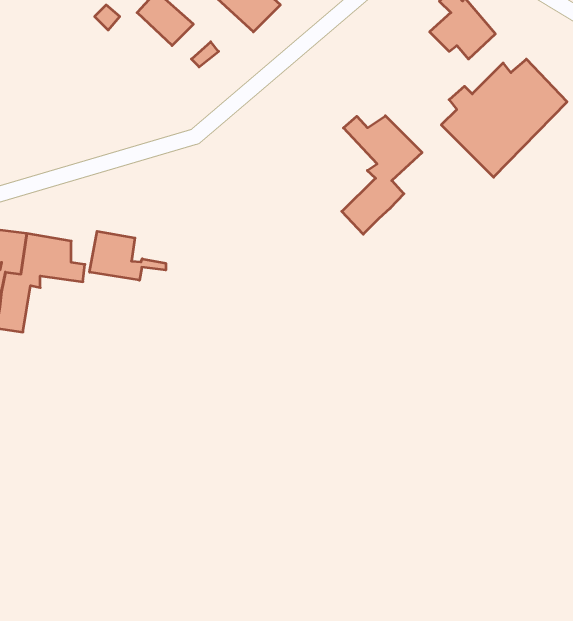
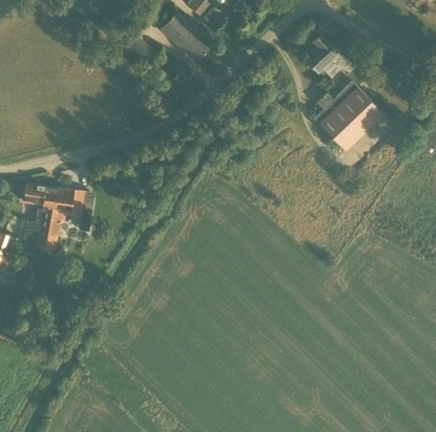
building: [342,116,422,234] -> none
building: [90,231,166,280] -> none

